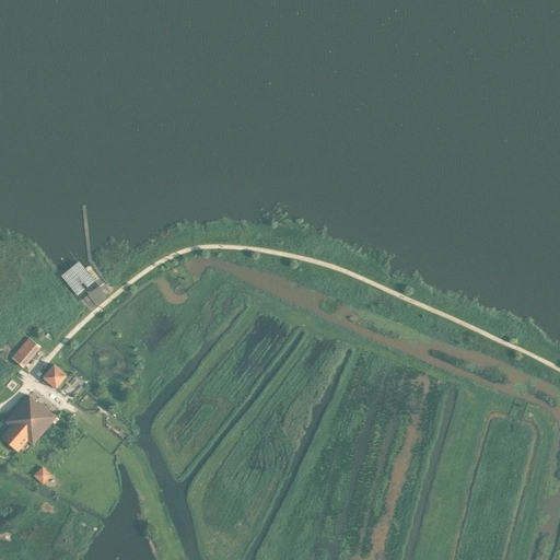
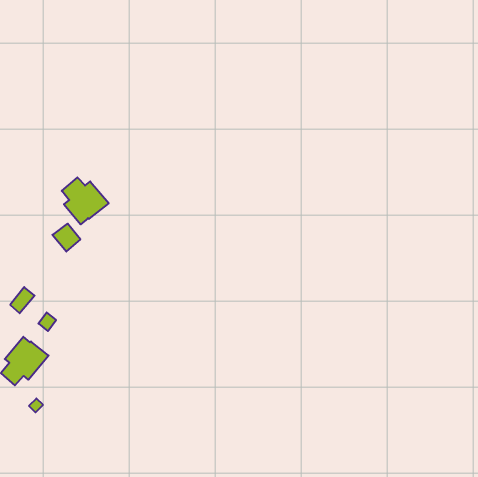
building: none -> [62,177,109,224]

